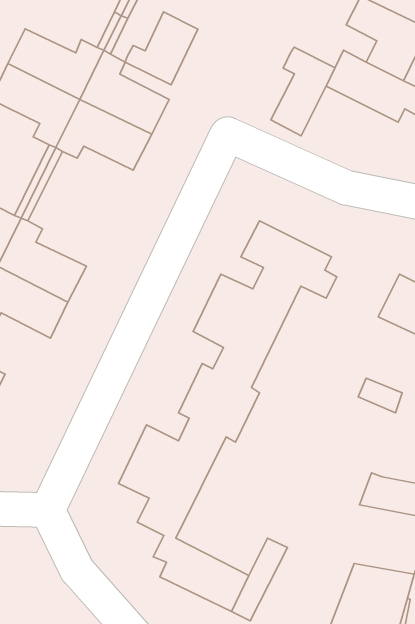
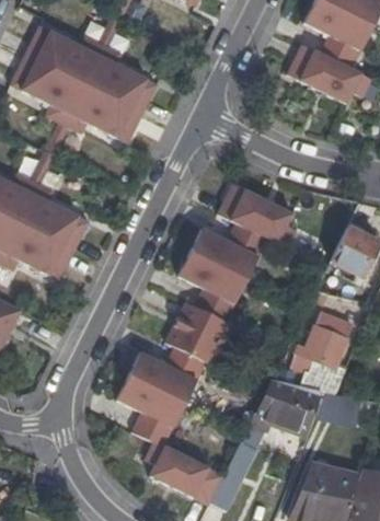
building: [125,12,198,85] -> none
building: [271,47,335,136] -> none
building: none -> [291,327,345,371]
building: none -> [250,379,320,433]

